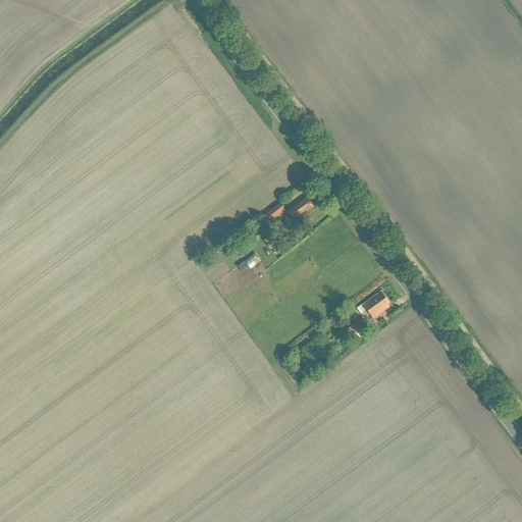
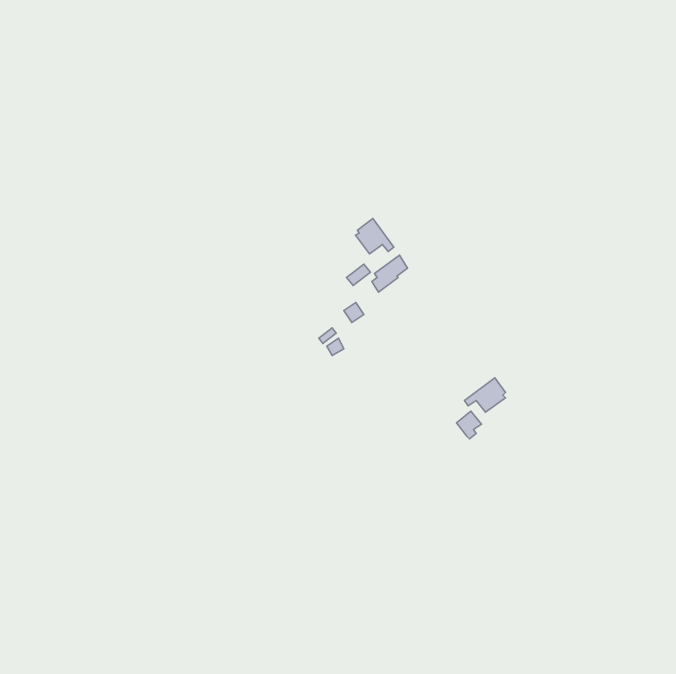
building: none -> [356,219,394,254]

